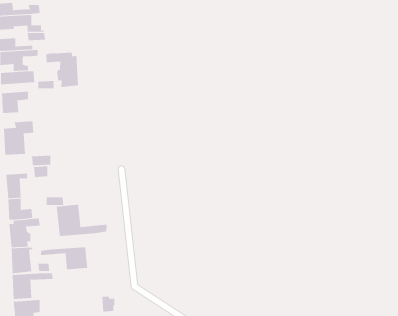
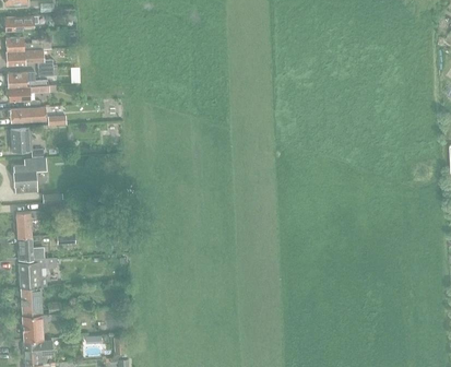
building: [46,52,79,88] -> none
building: [56,204,107,237] -> none
building: [40,246,88,270] -> none

